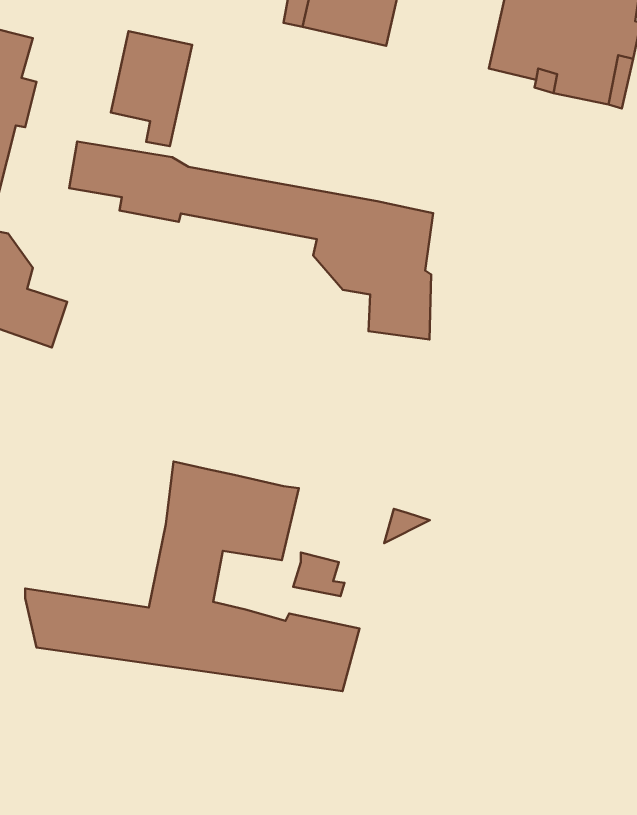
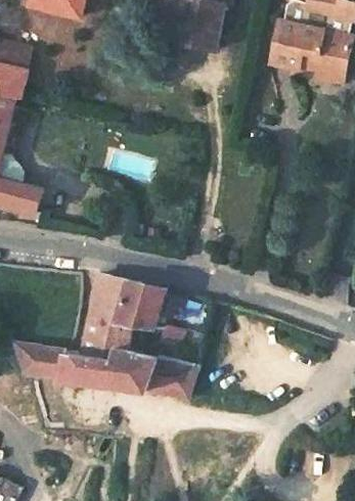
building: [111,31,192,146] -> none
building: [69,141,433,340] -> none

